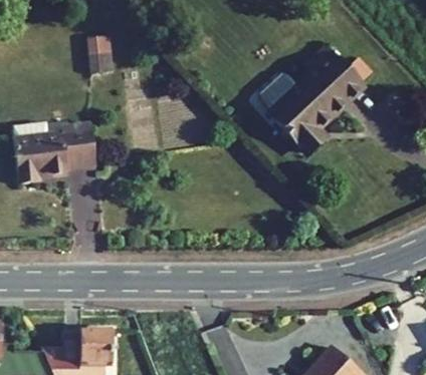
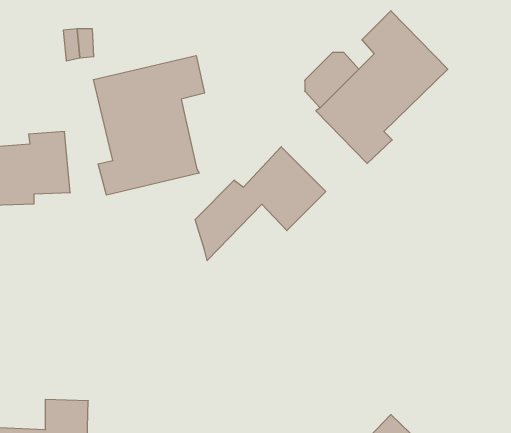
building: none -> [93,56,205,195]
building: none -> [195,147,326,261]

